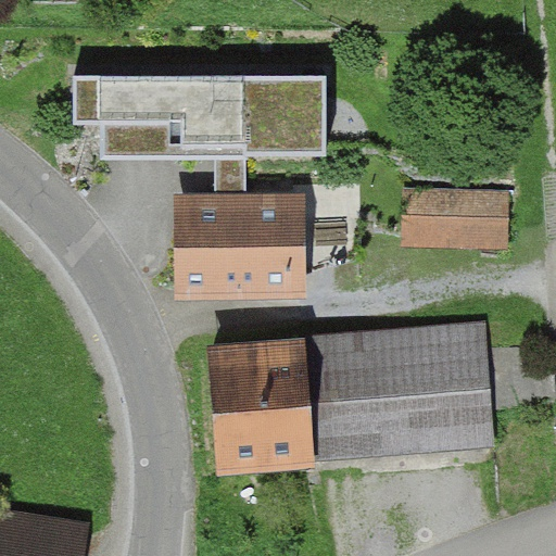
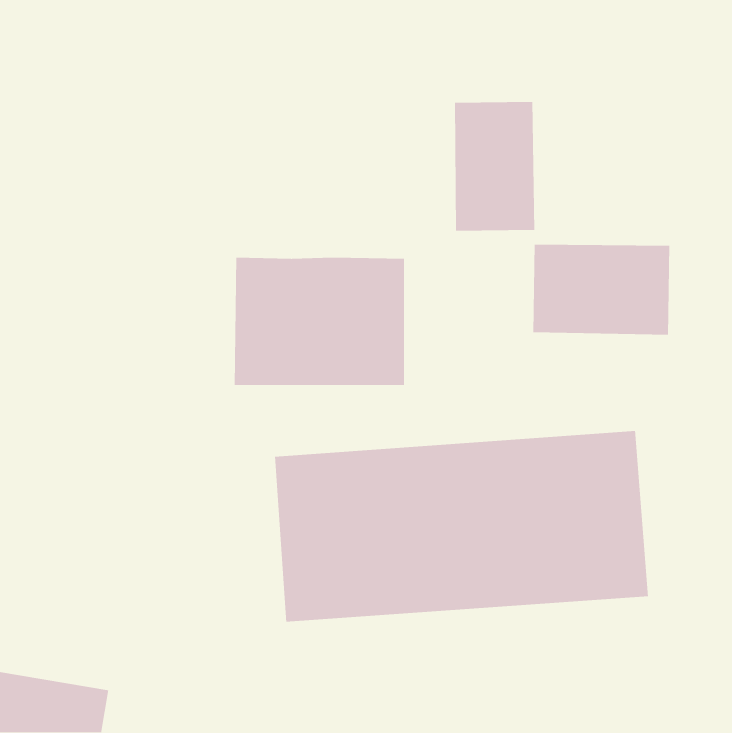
building: [75,72,328,195] -> none
building: none -> [454,101,535,231]

